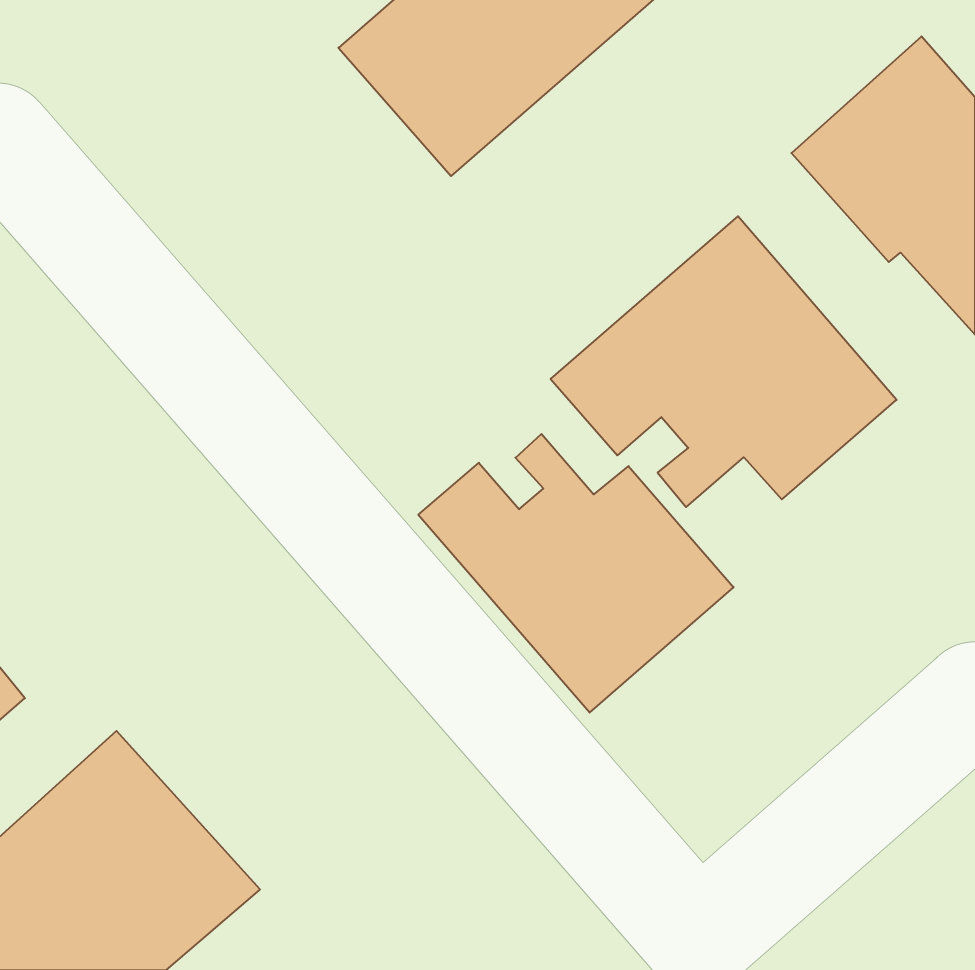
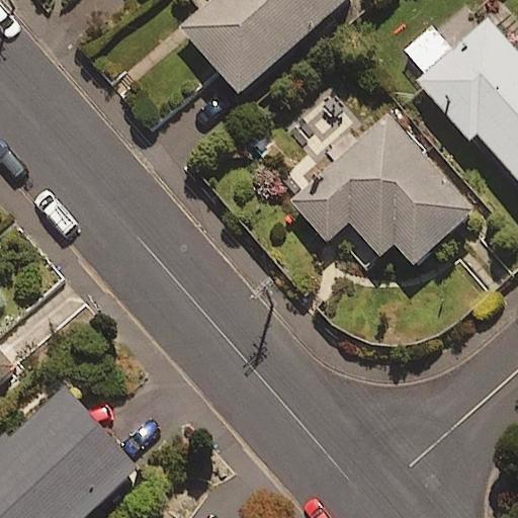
building: [418,434,734,713] -> none

